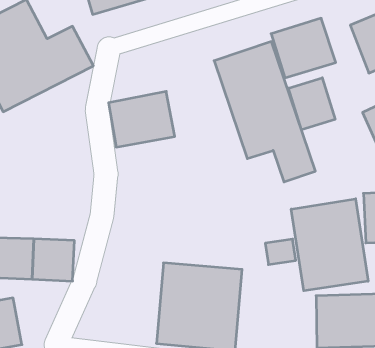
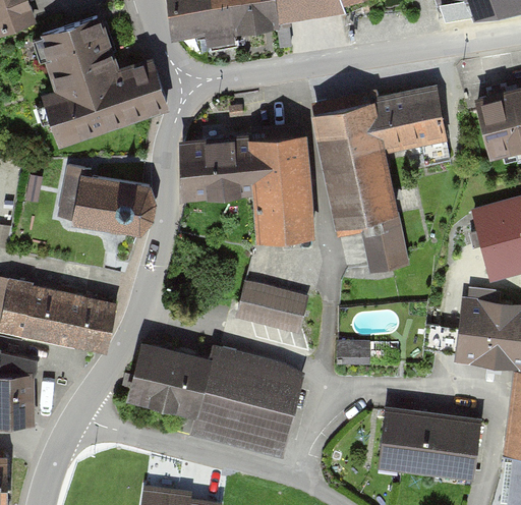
building: none -> [250,137,307,238]
building: [289,78,335,130] -> none
building: none -> [58,165,155,230]
building: [291,199,368,291] -> none
building: none -> [237,279,310,331]
building: none -> [125,342,211,412]

